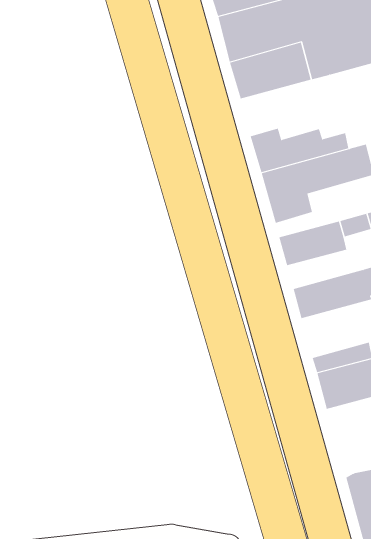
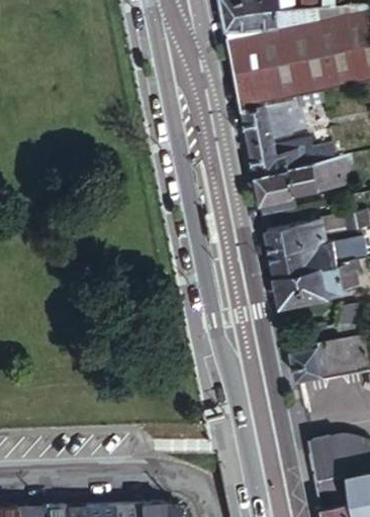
building: none -> [242,94,323,141]
building: none -> [271,243,337,276]

